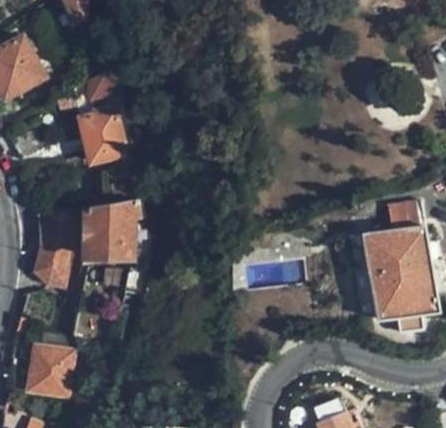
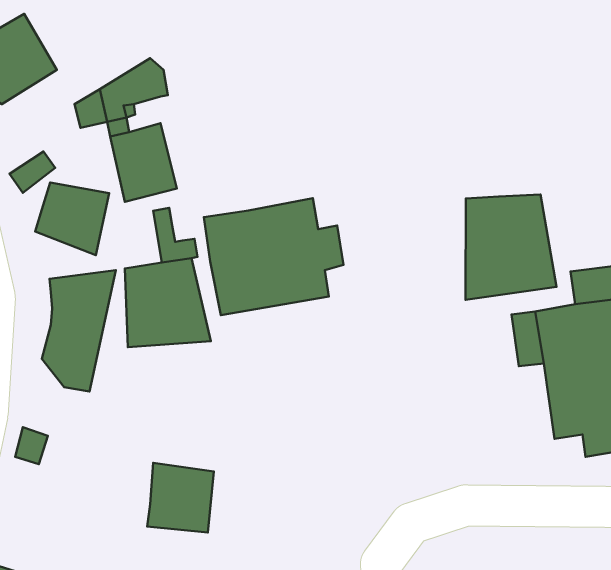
building: none -> [35,182,109,255]
building: none -> [465,194,557,300]
building: none -> [204,198,343,315]
building: [32,342,77,389] -> [147,463,214,532]

